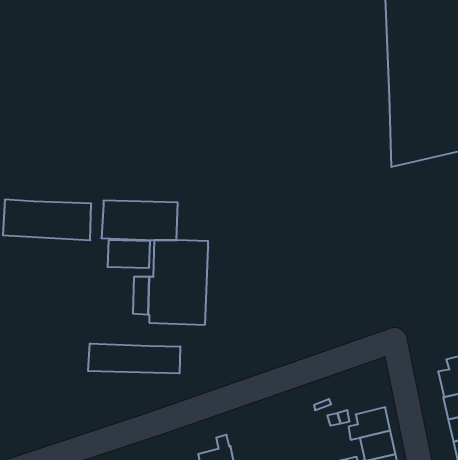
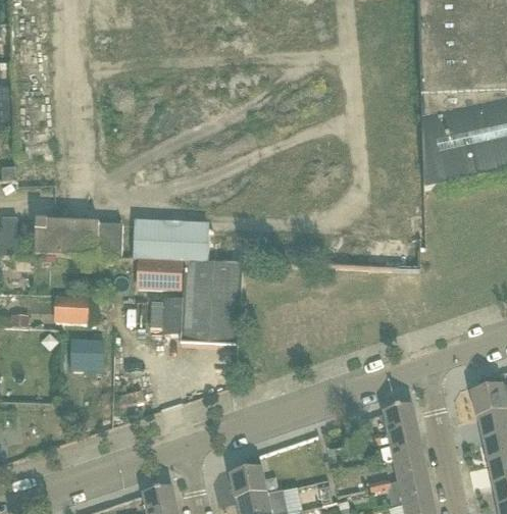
building: none -> [55,294,91,321]
building: none -> [70,337,105,368]
building: [88,343,180,373] -> none
building: none -> [384,404,418,433]

